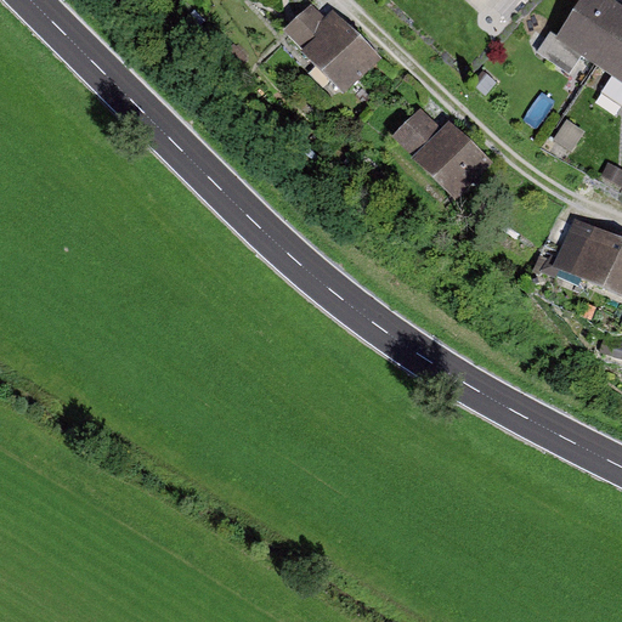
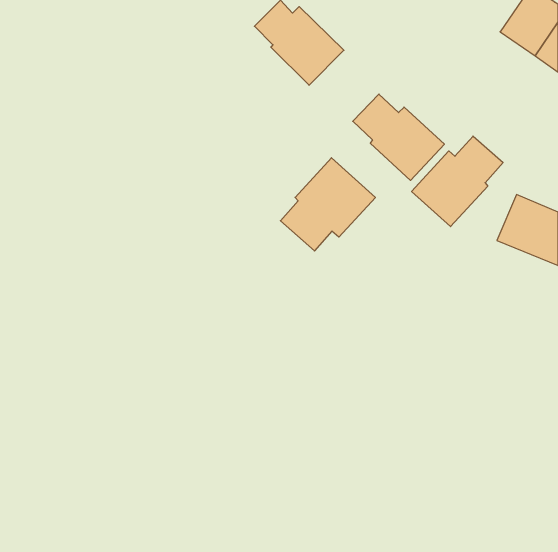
building: none -> [412,136,503,227]
building: none -> [280,158,375,251]

